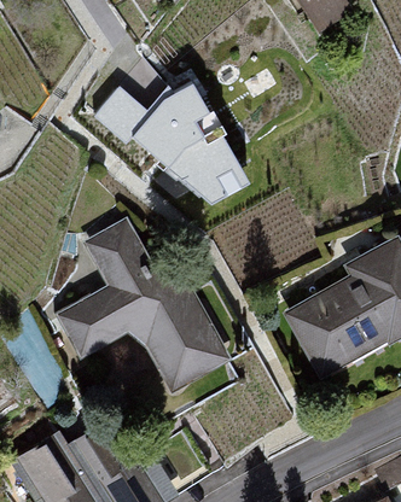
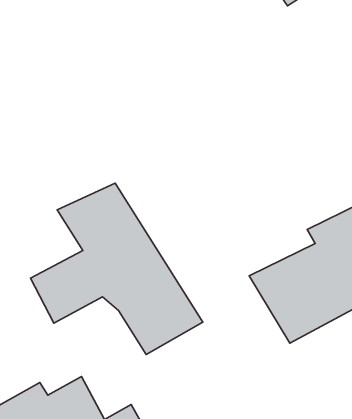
building: [95,70,248,197] -> none

